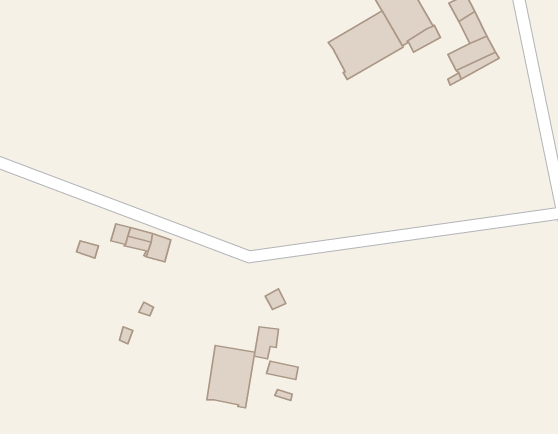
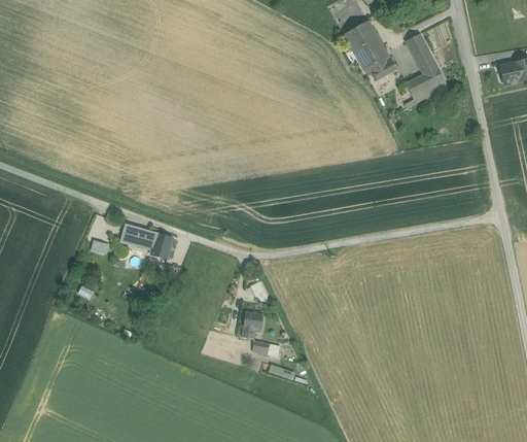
building: [328,11,403,80] -> none
building: [207,346,255,408] -> none

